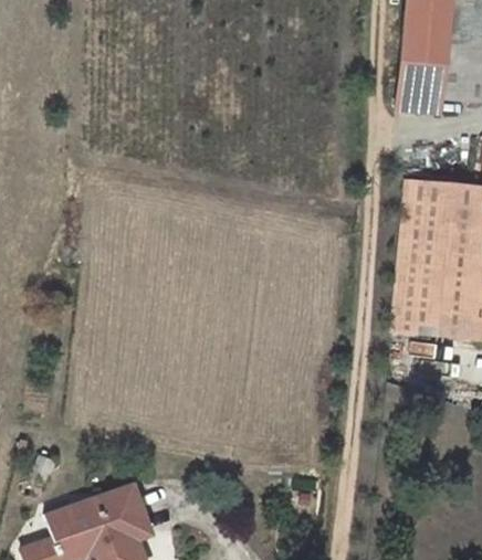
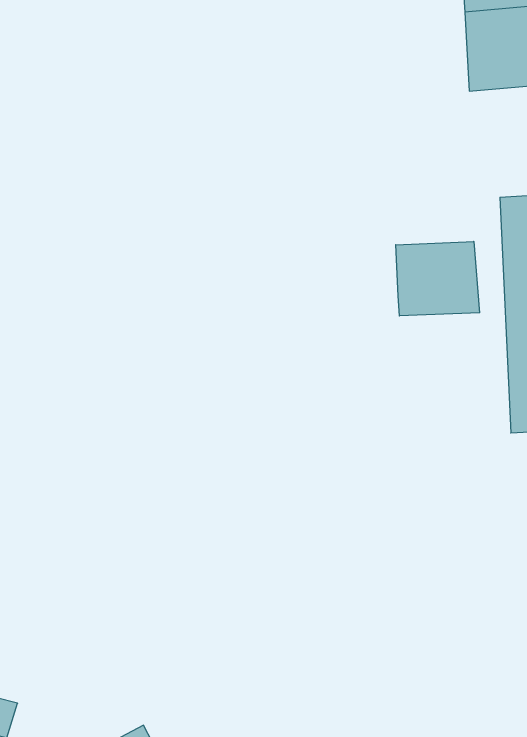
building: none -> [396,241,480,316]

